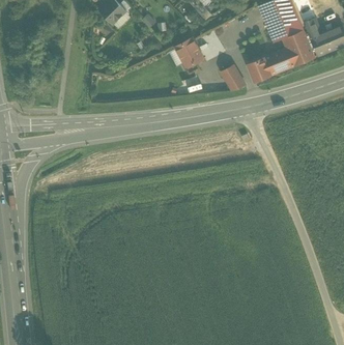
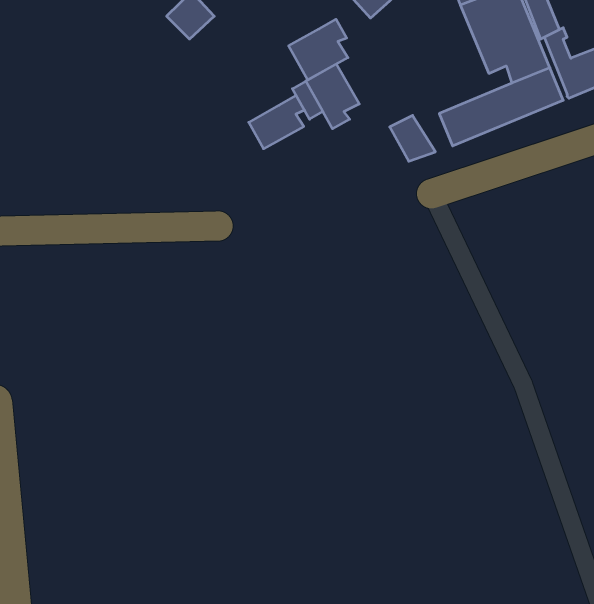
building: none -> [289,19,348,80]
building: none -> [249,96,305,149]

